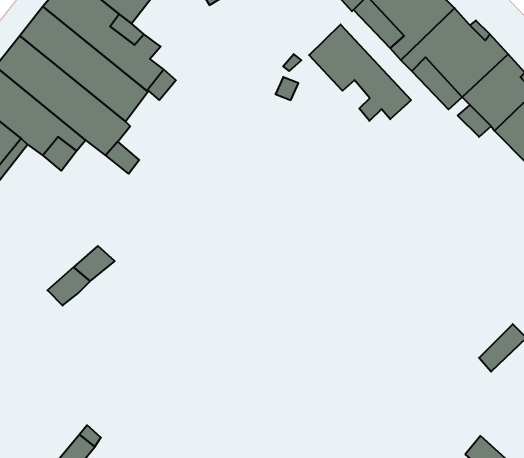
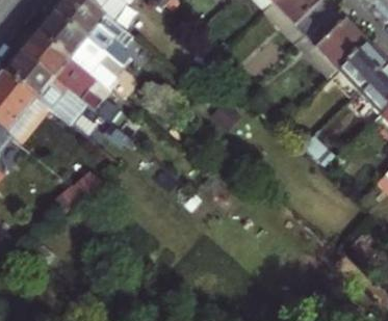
building: [309,24,411,121] -> none

